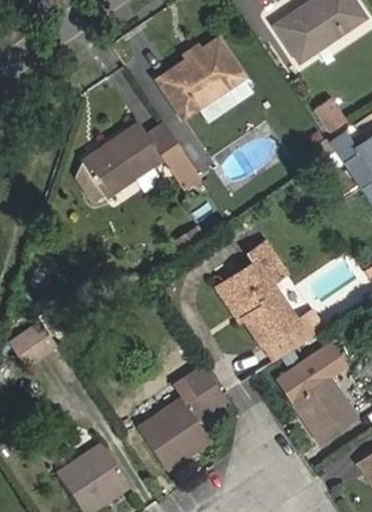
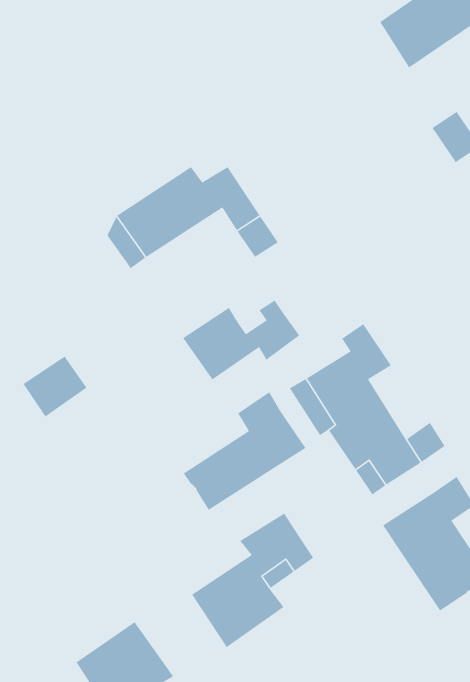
building: [160,37,249,118] -> none
building: none -> [182,300,300,381]
building: none -> [183,391,306,511]
building: [12,324,58,368] -> [22,355,87,418]

